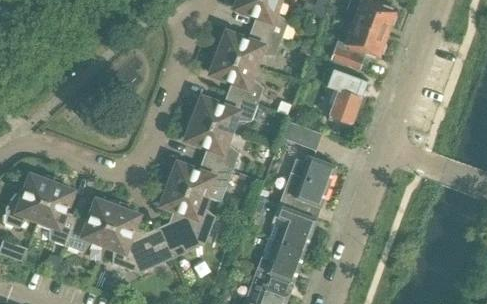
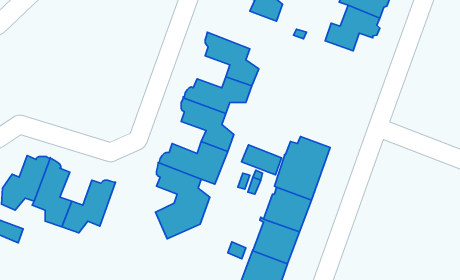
building: [212,29,282,67] -> none
building: [327,69,367,125] -> none
building: [282,121,322,151] -> [242,145,281,175]
building: [104,201,172,273] -> none

